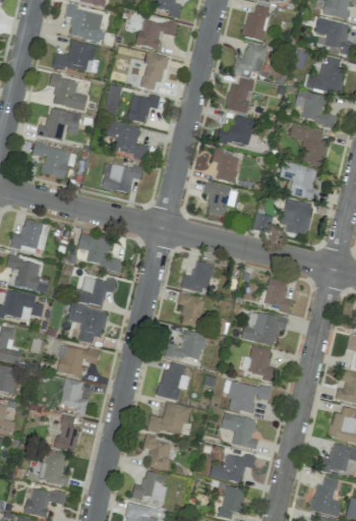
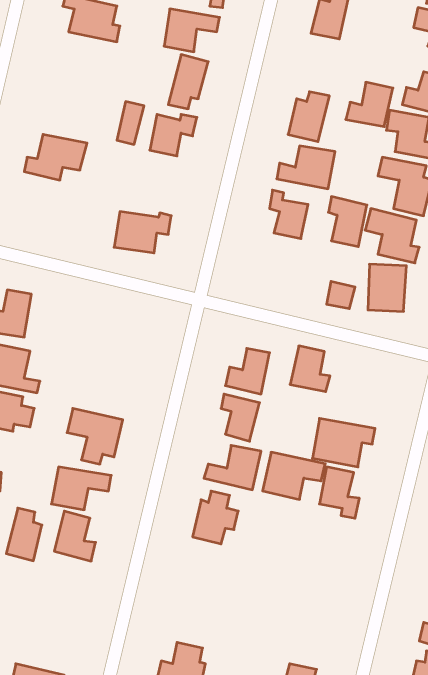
building: [53,40,98,73] -> none
building: [232,42,265,73] -> [346,82,393,127]
building: [48,74,87,111] -> none
building: [107,119,149,158] -> none
building: [32,142,76,178] -> none
building: [203,181,231,217] -> [328,197,367,247]
building: [77,233,121,270] -> none
building: [79,276,114,305] -> none
building: [262,278,291,310] -> [290,346,330,392]
building: [226,380,271,413] -> [263,452,325,499]
building: [146,401,189,436] -> none
building: [221,412,257,449] -> none
building: [54,414,79,452] -> [6,508,42,561]
building: [142,432,171,470] -> none
building: [36,451,70,485] -> none
building: [210,453,254,482] -> none

